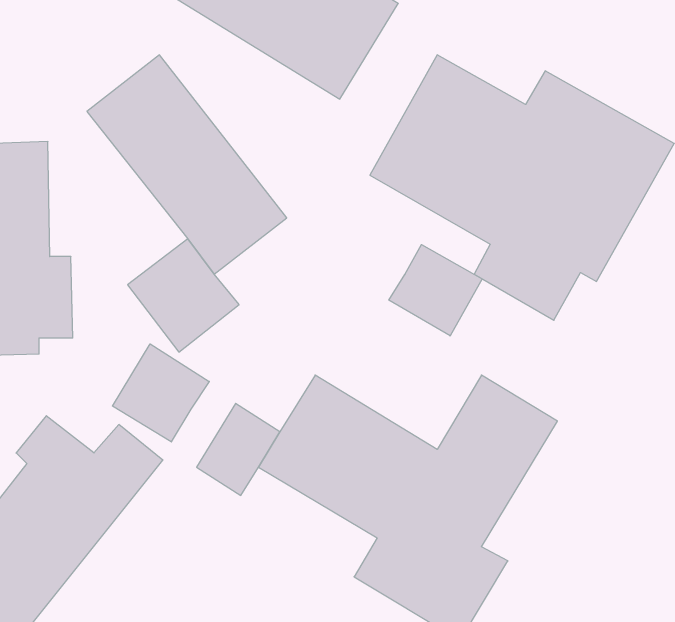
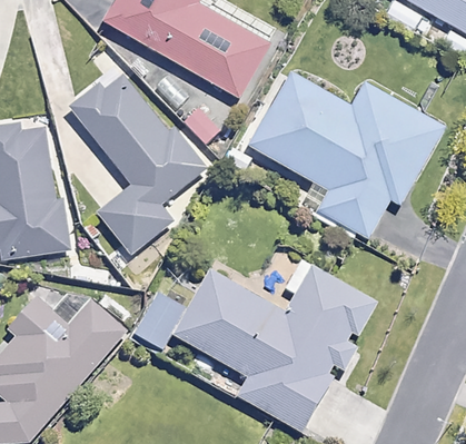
building: [389,245,482,336] -> none
building: [112,344,209,442] -> none

